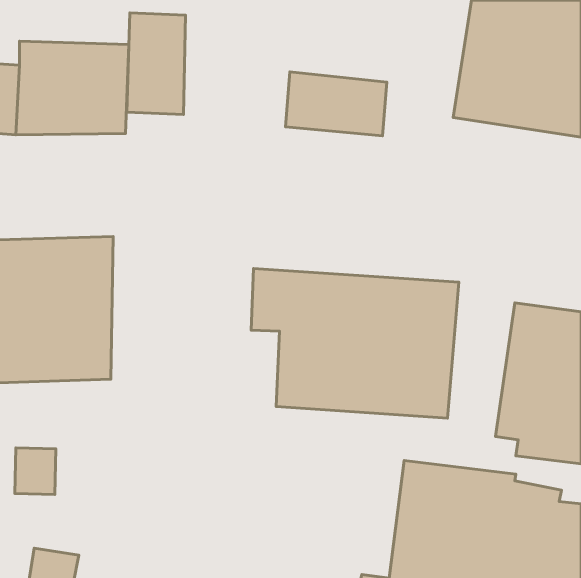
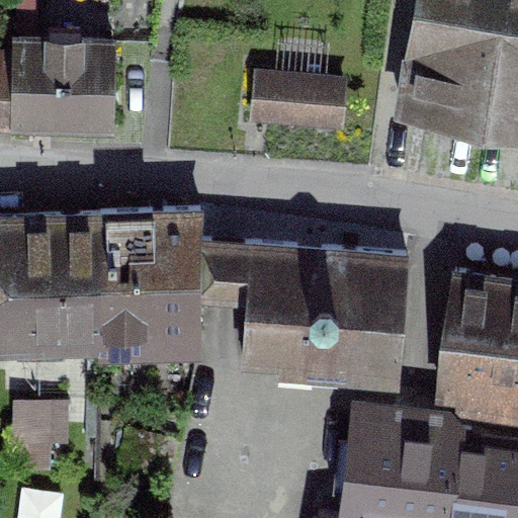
building: [127,13,185,115] -> none
building: none -> [98,211,225,353]

